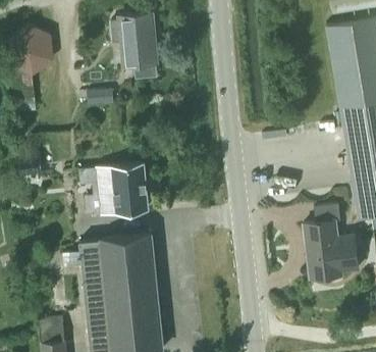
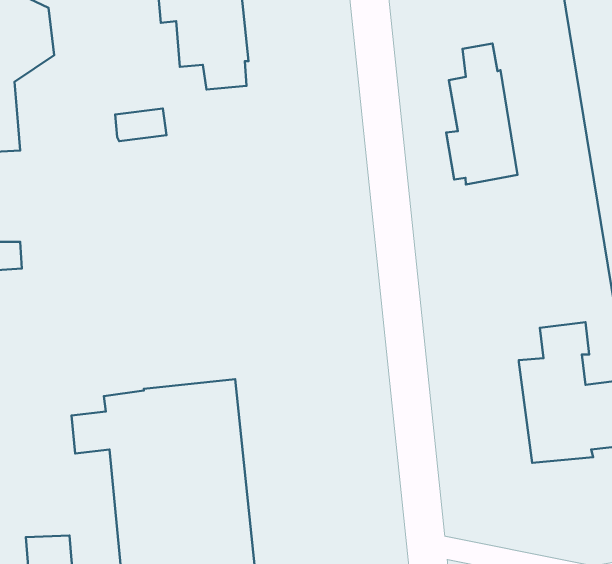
building: none -> [446,44,517,185]
building: [79,163,149,214] -> none

